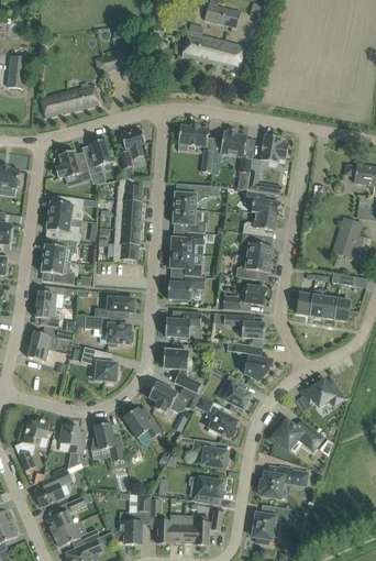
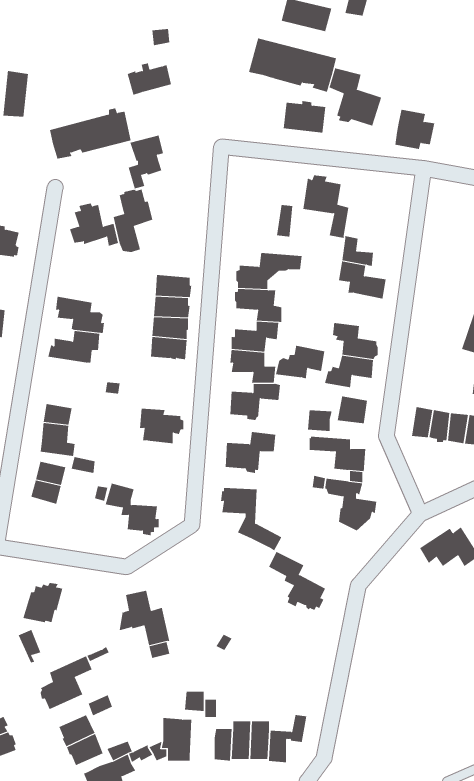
building: none -> [329,68,382,126]
building: [178,123,209,146] -> [283,101,326,133]
building: [120,130,145,168] -> [128,135,164,189]
building: [261,134,289,163] -> [395,109,435,150]
building: [117,177,142,201] -> none
building: [46,196,84,220] -> none
building: [242,212,277,237] -> [275,345,325,379]
building: [38,257,75,284] -> none
building: [79,316,132,347] -> none
building: [222,375,251,413] -> none
building: [148,382,201,413] -> none
building: [123,407,162,439] -> none
building: [269,419,323,450] -> none
building: [59,422,87,454] -> none
building: [179,437,229,468] -> none
building: [259,465,308,498] -> none
building: [191,477,223,504] -> none
building: [252,506,298,543] -> none

